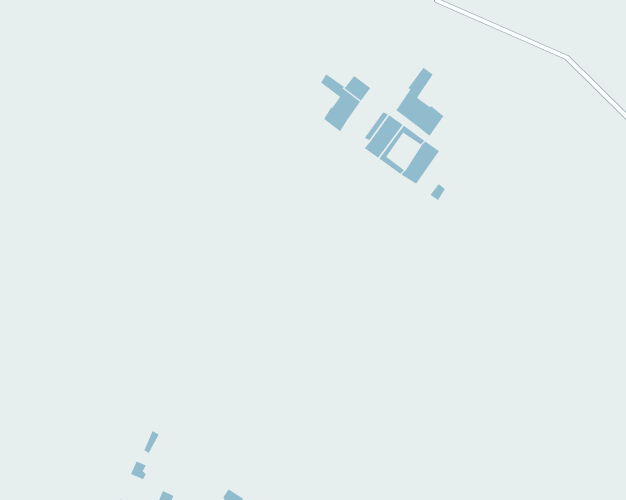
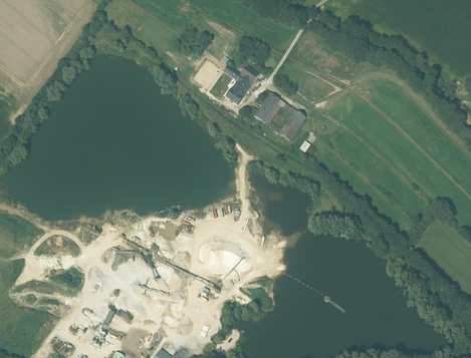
building: [395,67,444,137] -> none

